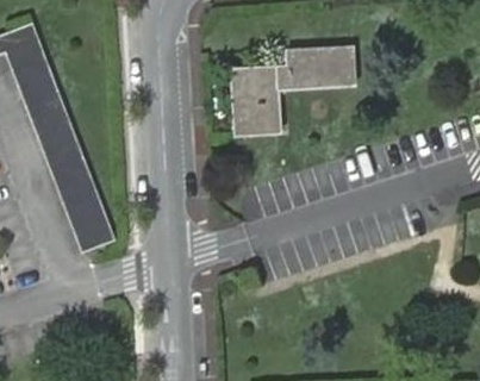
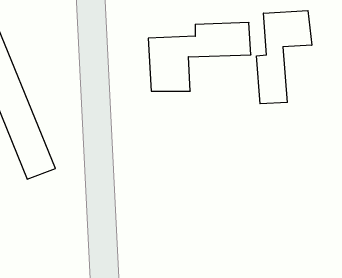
building: none -> [257,11,312,104]

